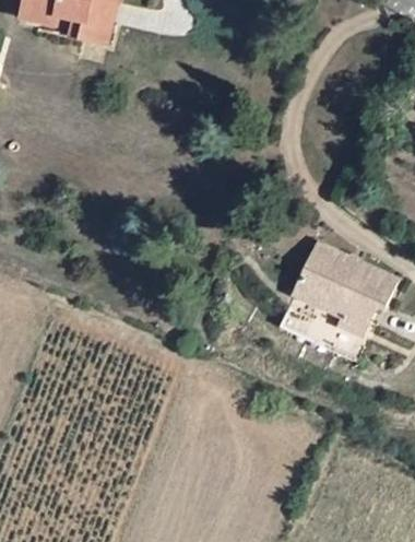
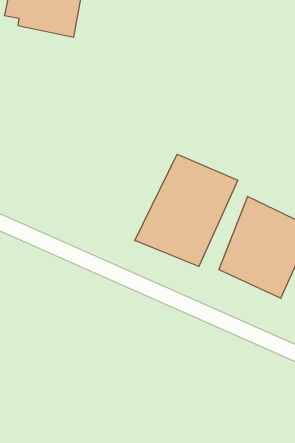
building: none -> [135,154,238,266]

